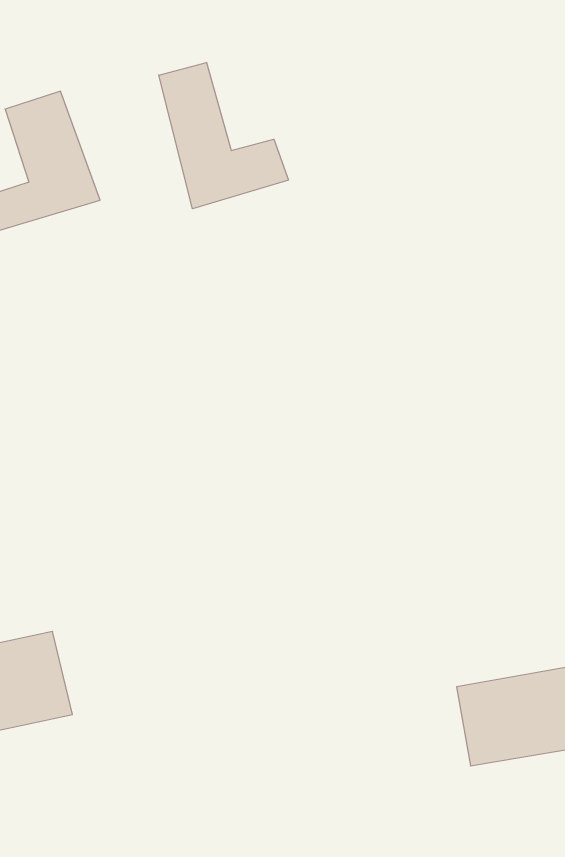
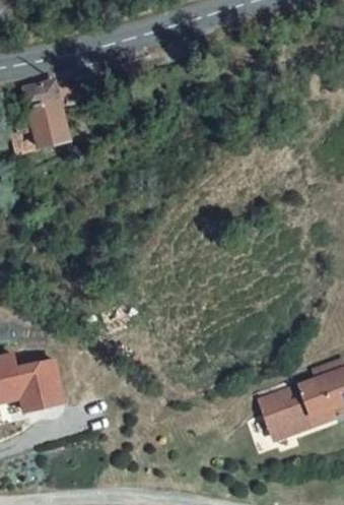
building: [159,62,288,209] -> none

